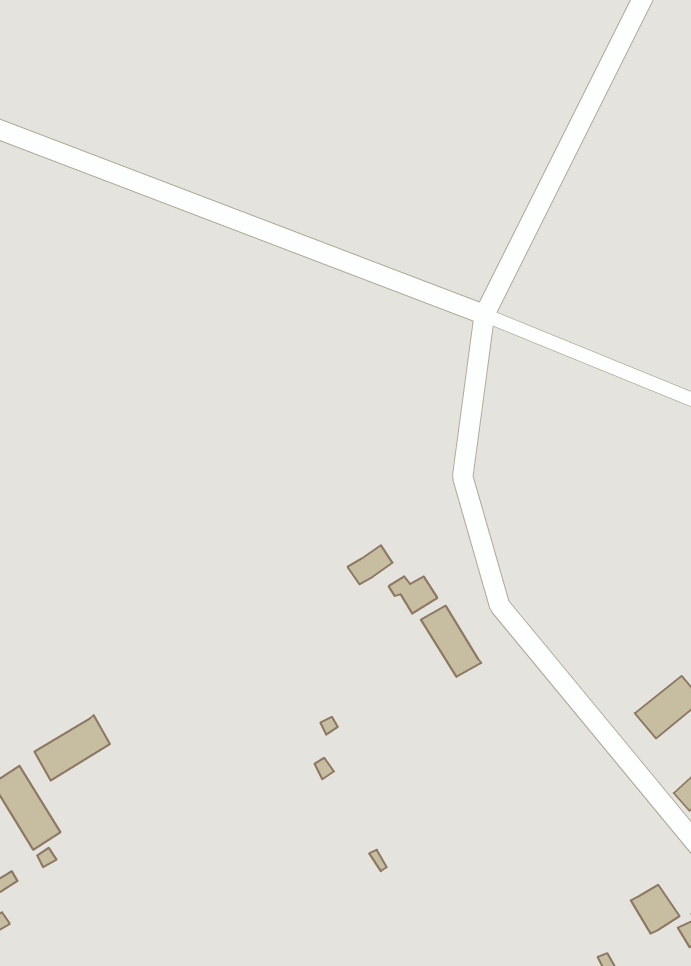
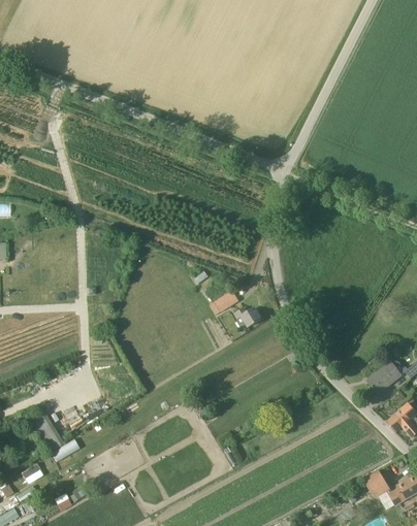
building: [421,606,481,677] -> none
building: [34,715,110,781] -> none

